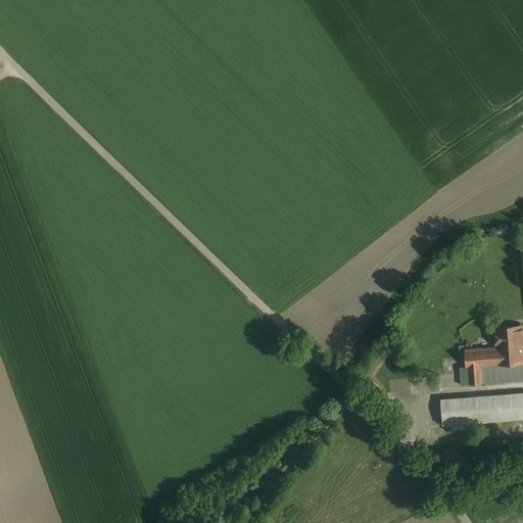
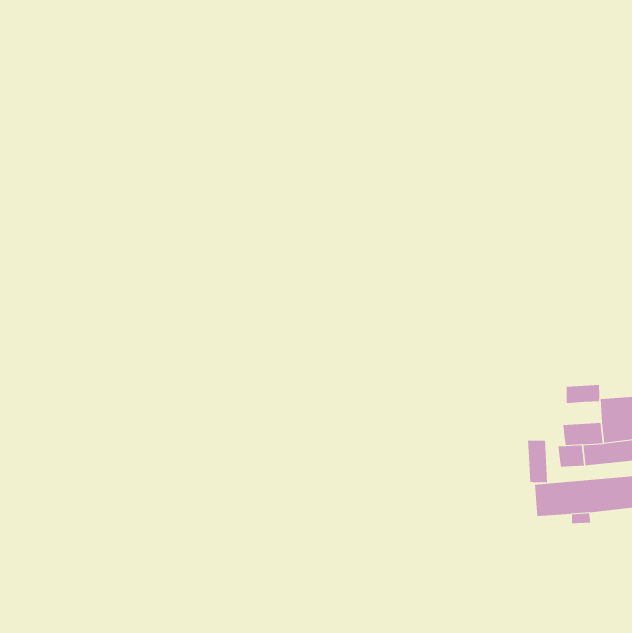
building: none -> [566,384,600,404]
building: none -> [528,440,548,483]

